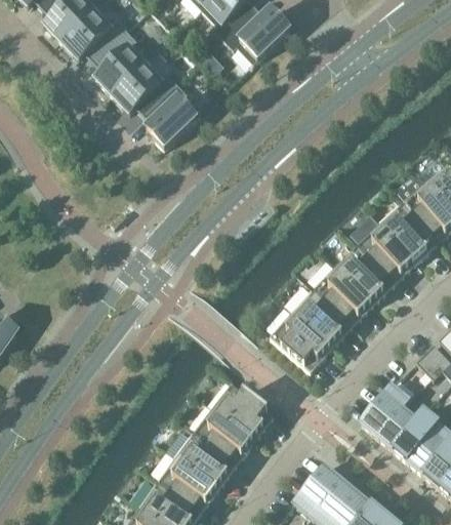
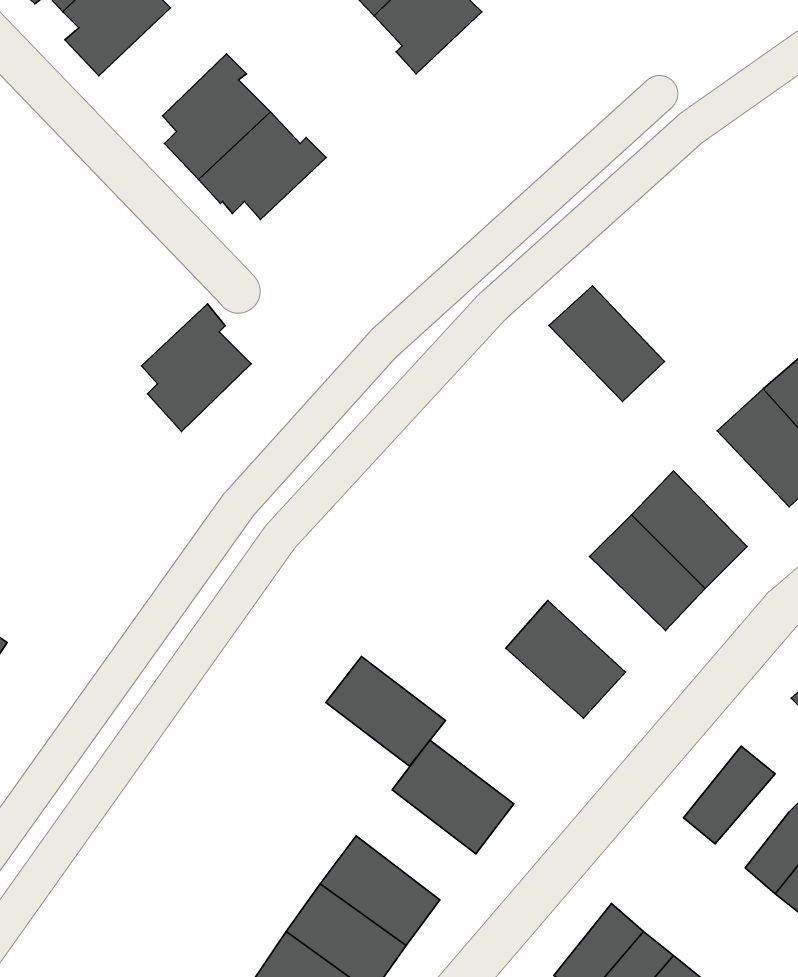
building: [60,5,126,60] -> none
building: [223,7,289,63] -> none
building: [144,82,200,148] -> [142,304,251,432]
building: [356,223,415,282] -> [549,286,664,401]
building: [291,287,352,347] -> none
building: [377,399,415,447] -> none
building: [193,407,254,463] -> [326,657,445,766]

